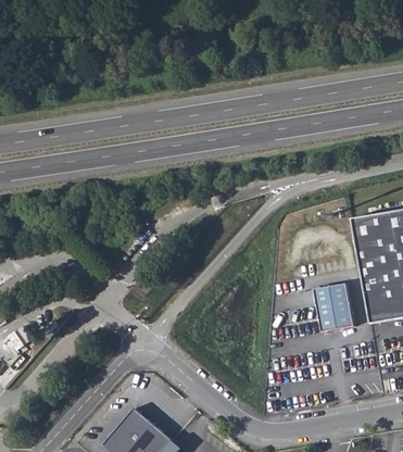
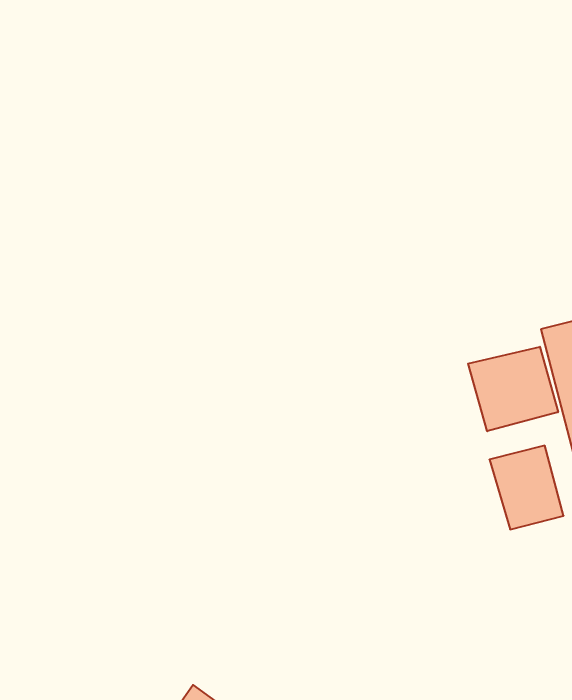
building: none -> [468,347,558,431]

